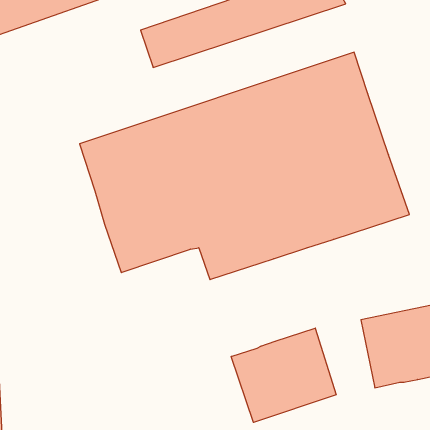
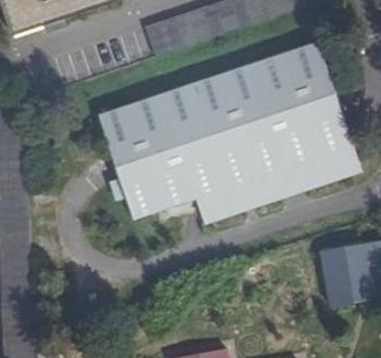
building: [231,328,336,422] -> none

